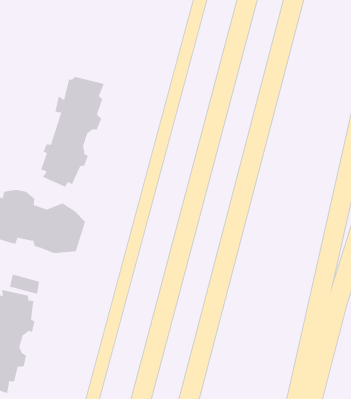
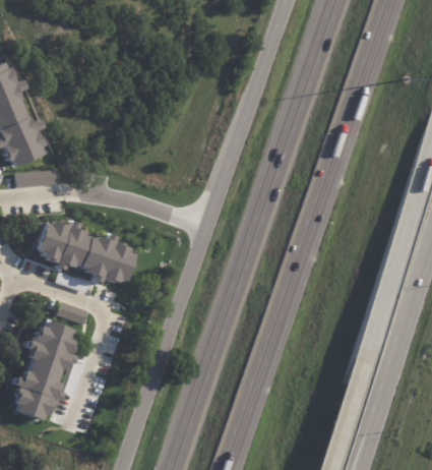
building: [40,76,105,187] -> none

